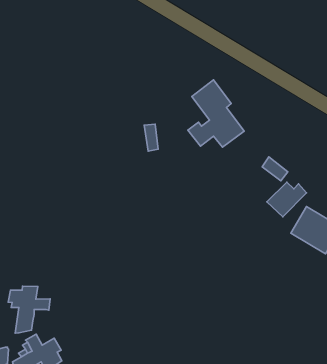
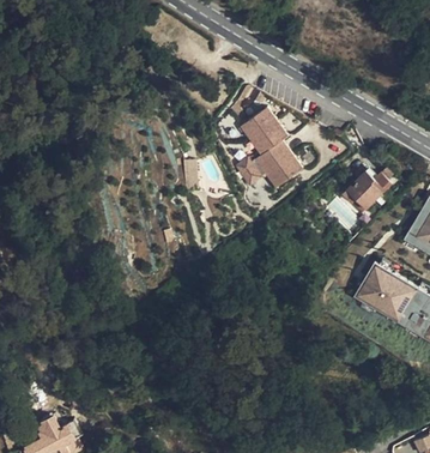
building: [267,182,307,217] -> [341,171,389,213]
building: [8,286,50,333] -> none

